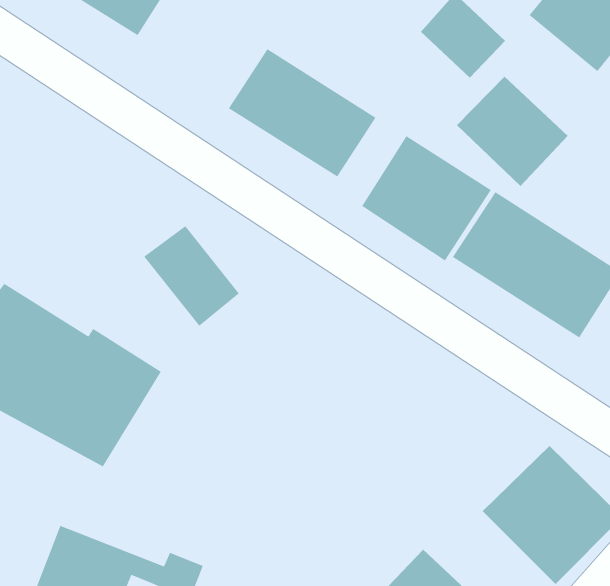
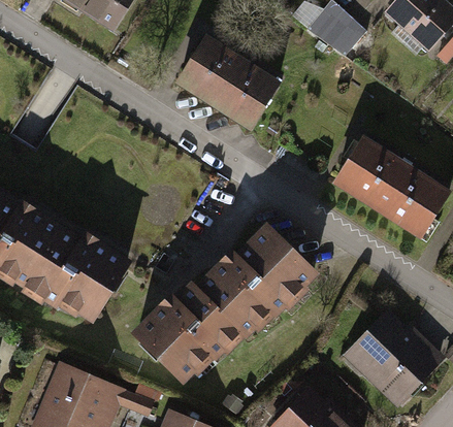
building: [456,76,568,187] -> none
building: [361,135,492,262] -> none
building: [143,225,240,327] -> none
building: none -> [134,218,319,386]

